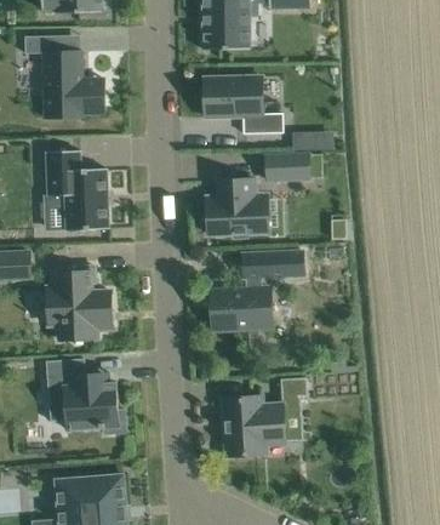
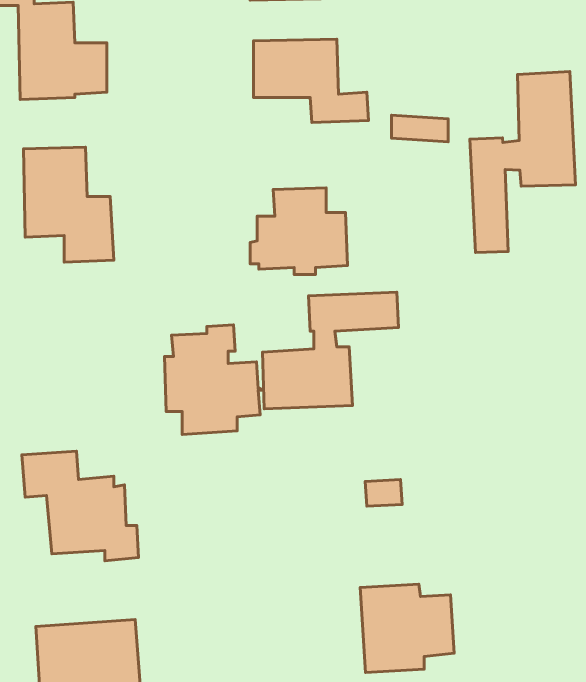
building: none -> [470,71,575,253]
building: [265,154,310,179] -> none
building: [48,264,115,339] -> [164,325,262,434]
building: [222,395,286,456] -> [360,584,454,673]

